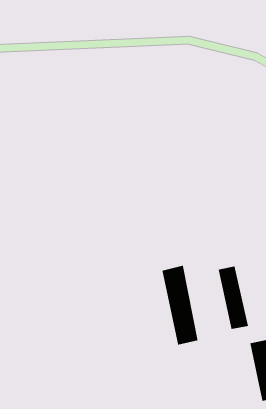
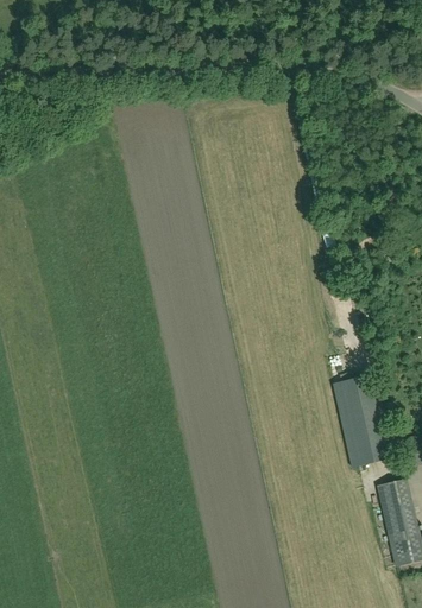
building: [162,265,198,345] -> none

